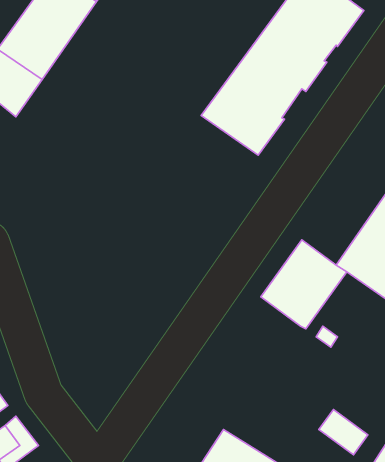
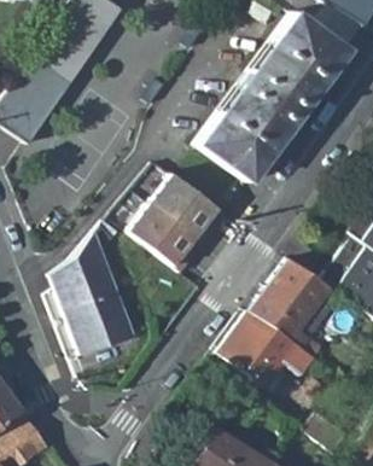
building: none -> [130,169,233,272]
building: none -> [49,226,134,355]
building: none -> [220,310,289,380]

